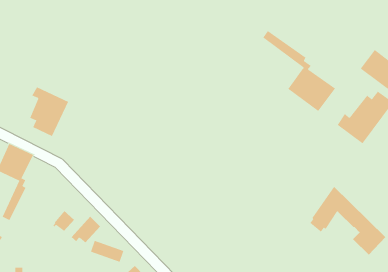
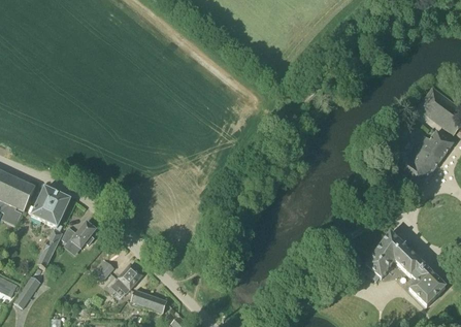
building: [263,30,336,112] -> none
building: [29,87,69,137] -> none
building: none -> [62,221,96,248]

